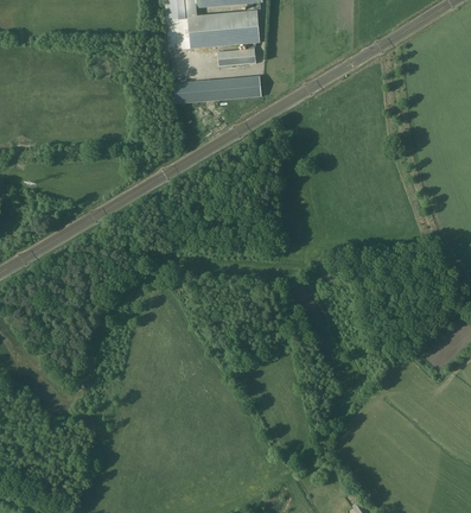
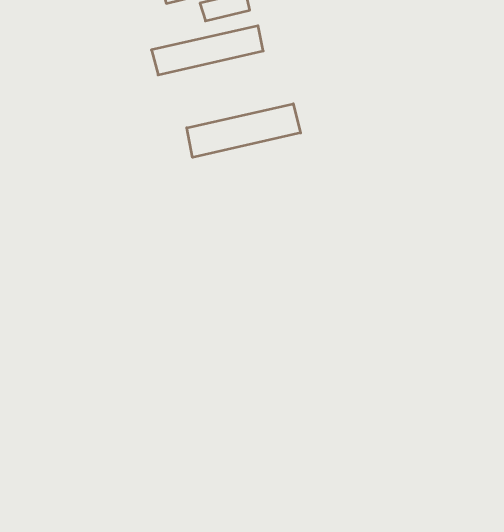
building: none -> [187,104,301,157]

